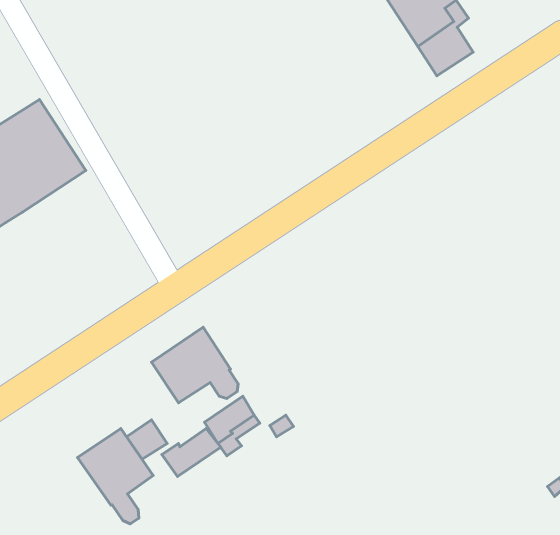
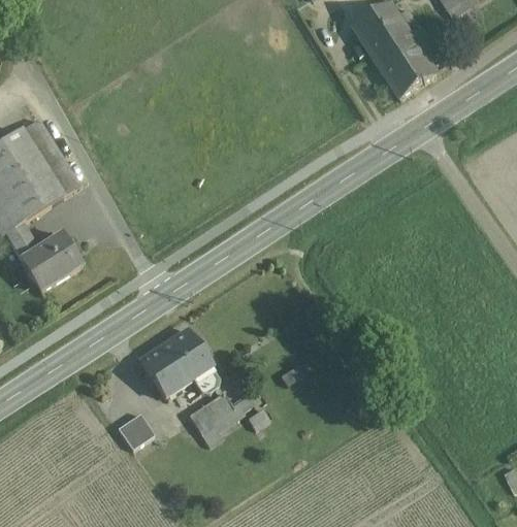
building: none -> [6,222,80,289]
building: [78,429,153,524] -> none
building: [162,429,221,476] -> none

